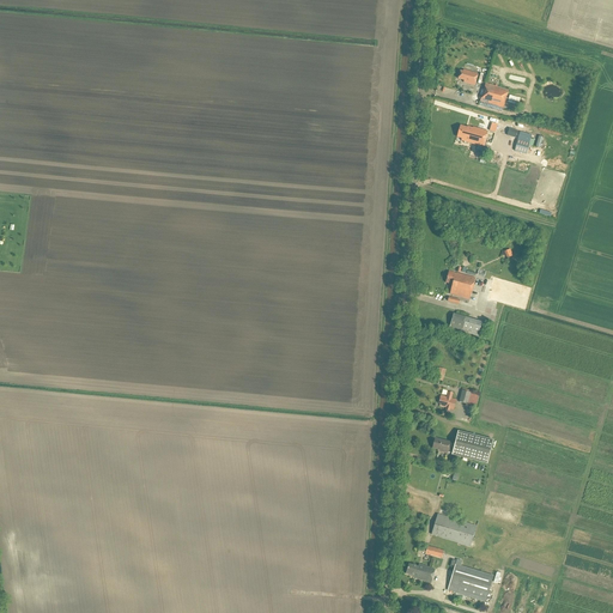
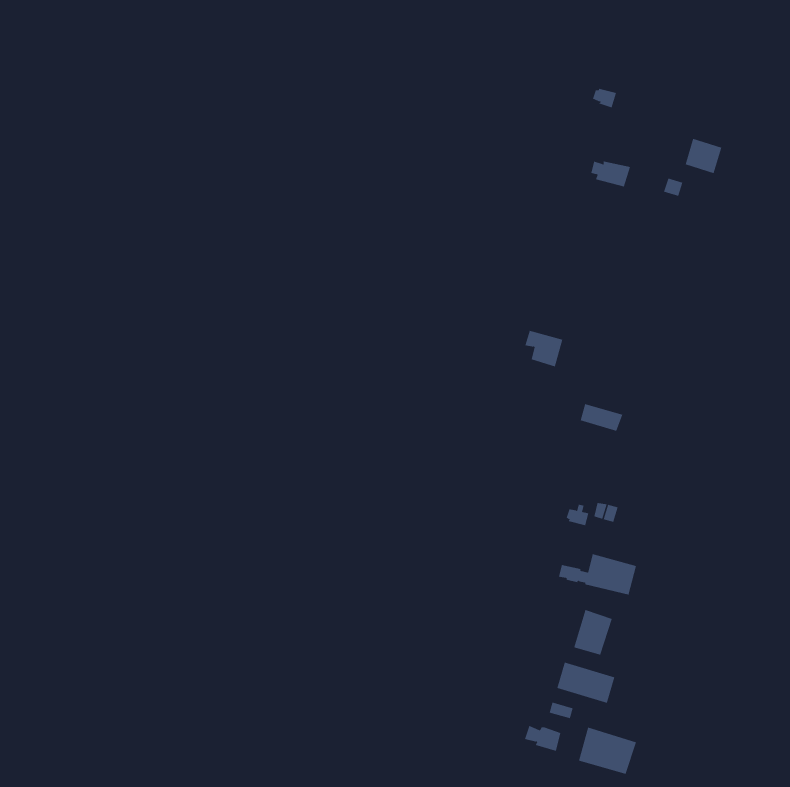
building: [480,80,509,108] -> [685,138,722,174]
building: [445,269,475,298] -> [525,330,563,367]
building: none -> [574,609,612,655]

